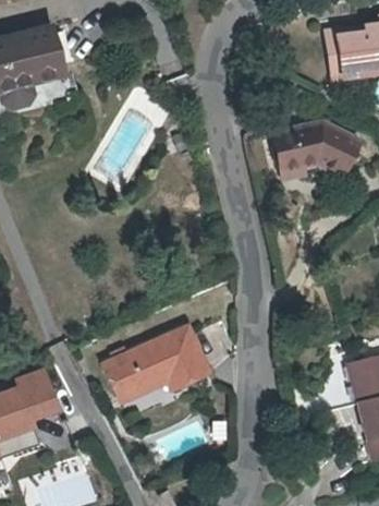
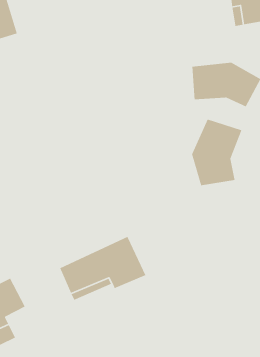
building: none -> [191,118,242,186]

